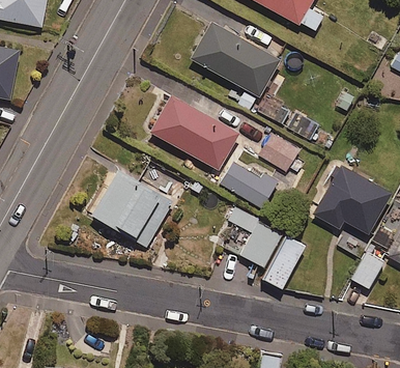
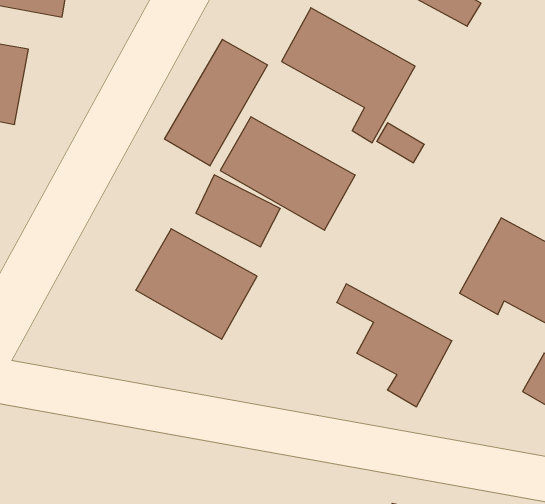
building: none -> [164,39,267,166]
building: [259,135,301,175] -> none
building: [220,161,277,209] -> [196,175,280,247]

